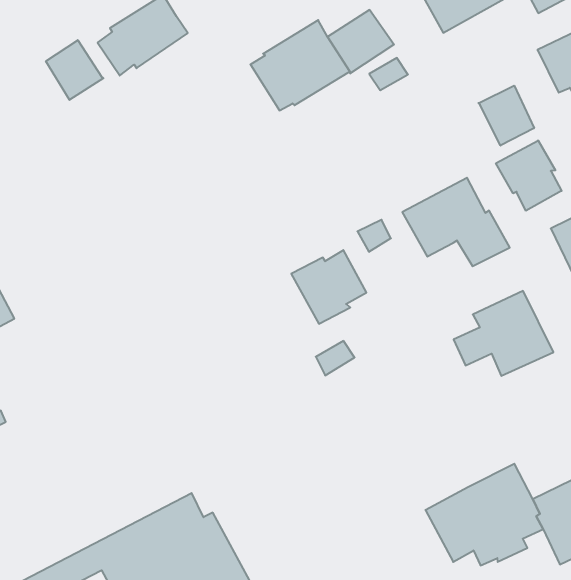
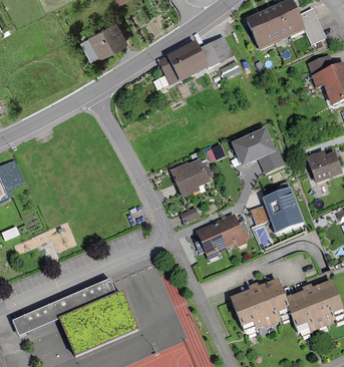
building: [46,40,103,100] -> none
building: [478,86,534,146] -> none
building: [496,140,562,211] -> none
building: none -> [195,217,248,260]

